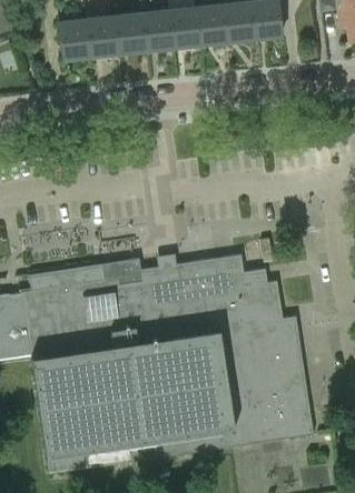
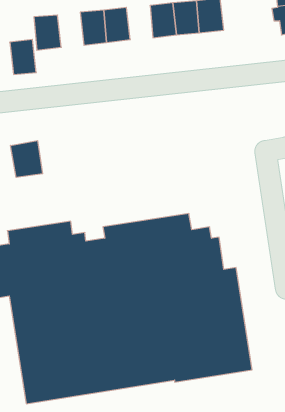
building: [167,8,198,48] -> none
building: [86,16,117,57] -> [10,39,36,74]
building: none -> [11,141,43,177]

